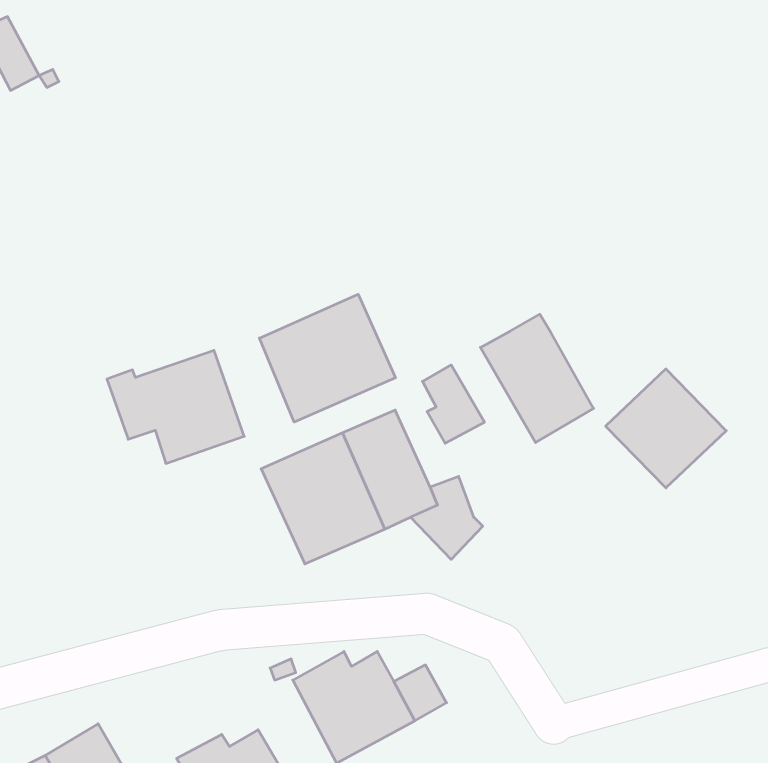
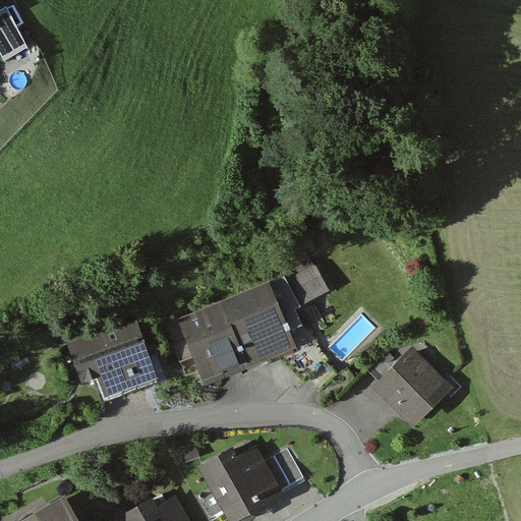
building: [259,294,395,422] -> none
building: [480,314,594,443] -> none
building: [107,350,244,463] -> [65,321,158,397]
building: [606,369,726,488] -> [370,346,452,426]

